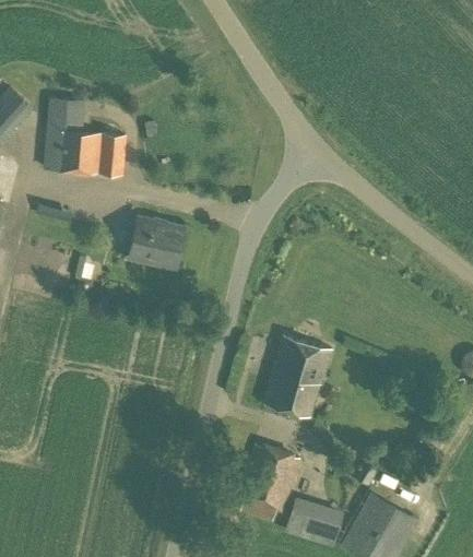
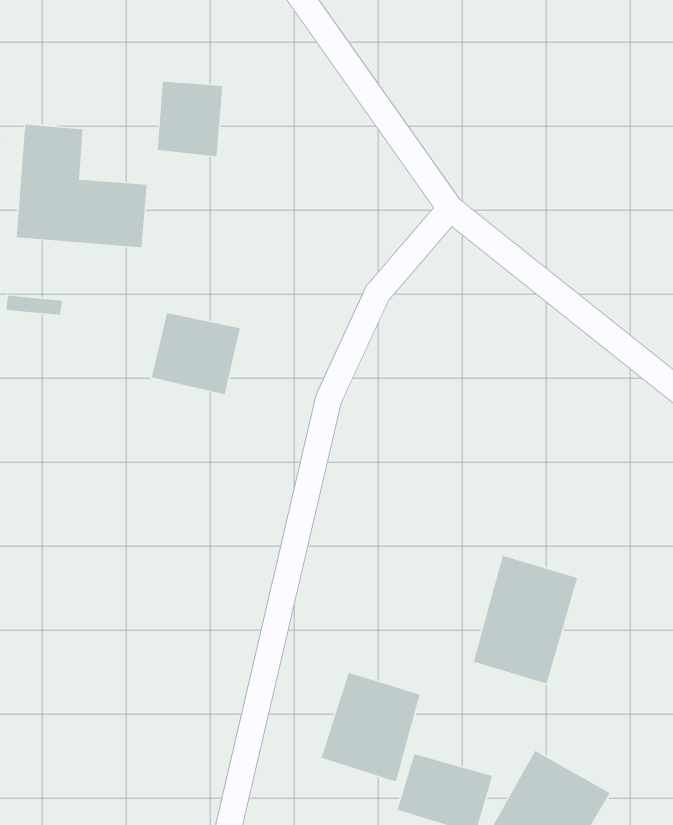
building: none -> [157,81,223,157]
building: [264,336,331,418] -> [473,555,578,685]

